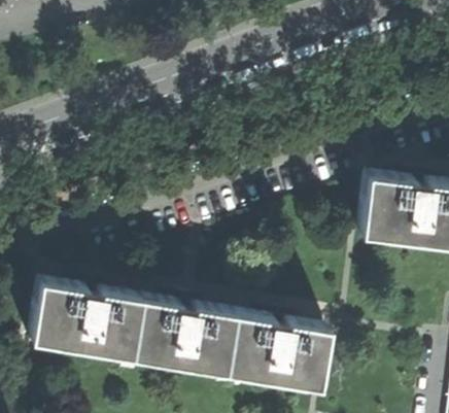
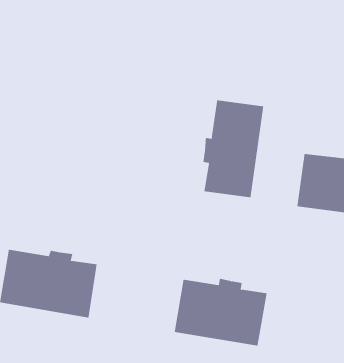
building: none -> [203,100,264,198]
building: [129,302,233,377] -> none

